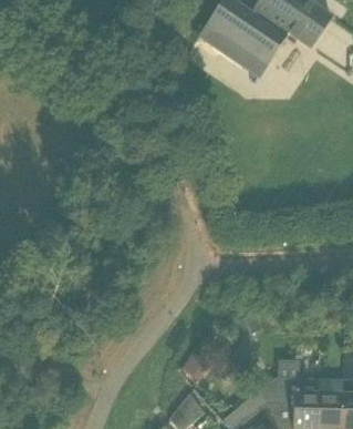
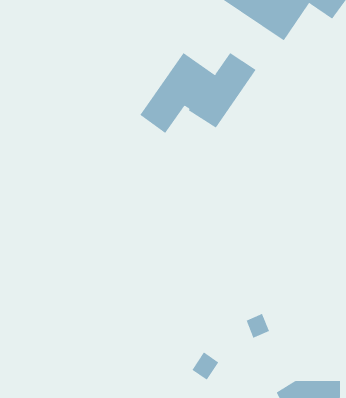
building: none -> [139,52,257,134]

